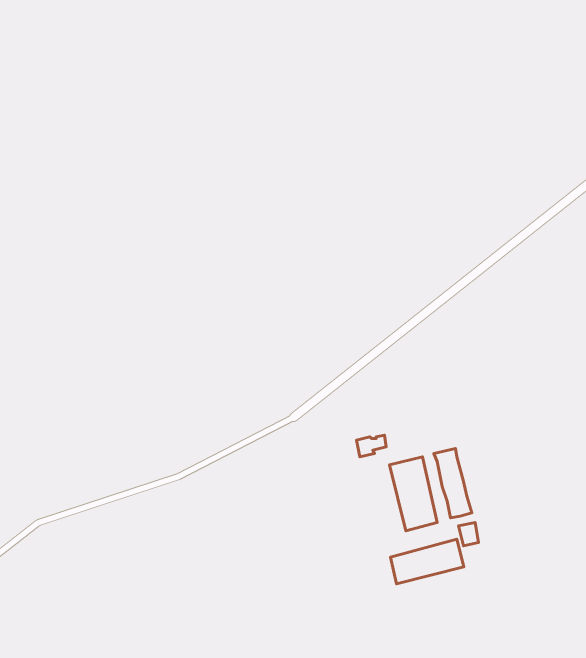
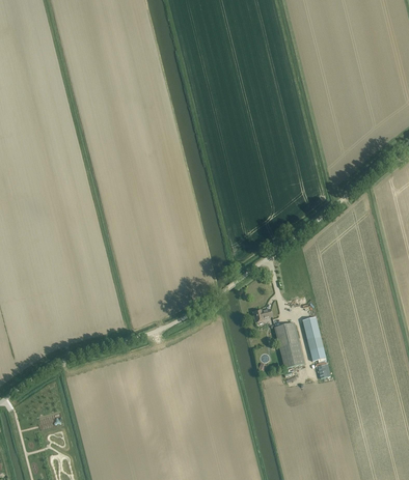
building: [390,539,464,584] -> none

